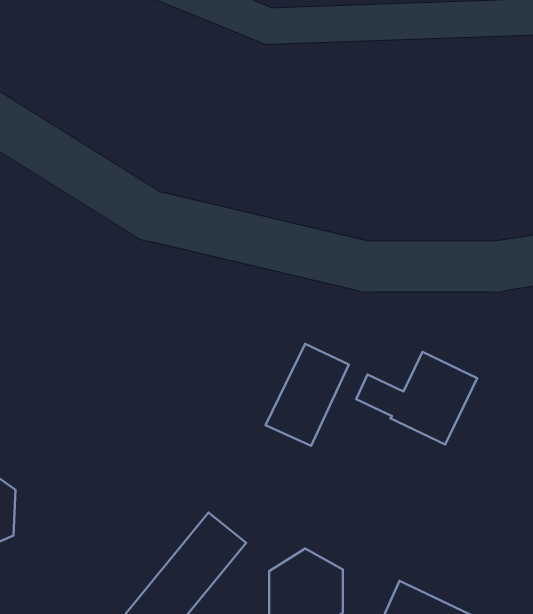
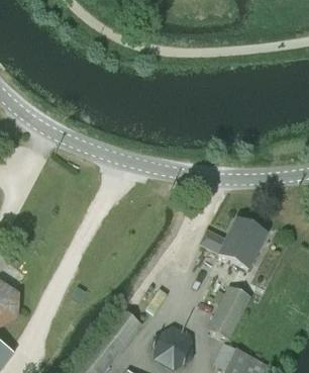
building: [266,344,349,446] -> [206,285,250,340]

